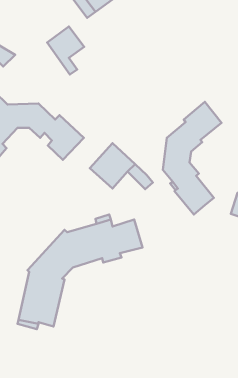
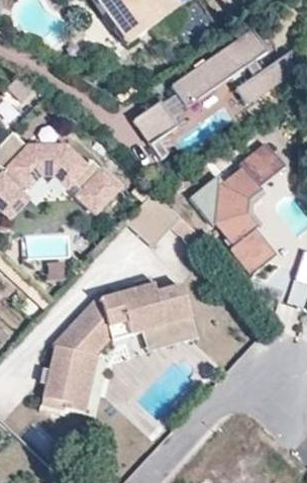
building: none -> [173,32,294,111]
building: [47,27,84,75] -> [135,105,180,163]
building: none -> [143,317,196,351]

